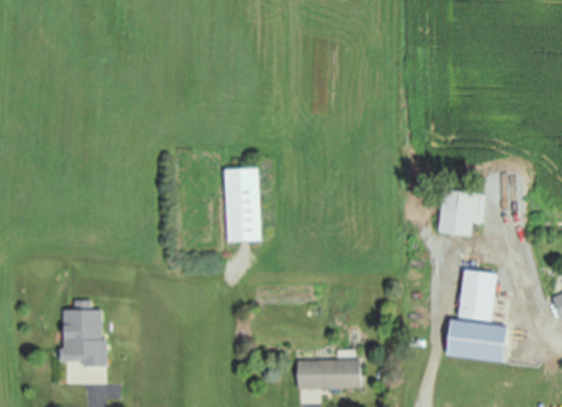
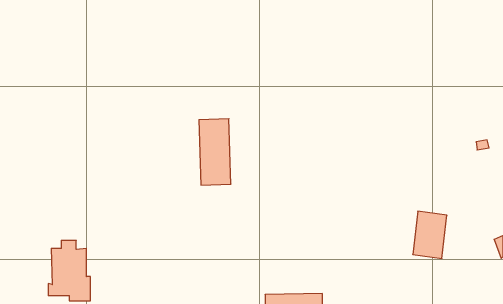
building: [437,189,484,235] -> none
building: [446,320,505,361] -> none

